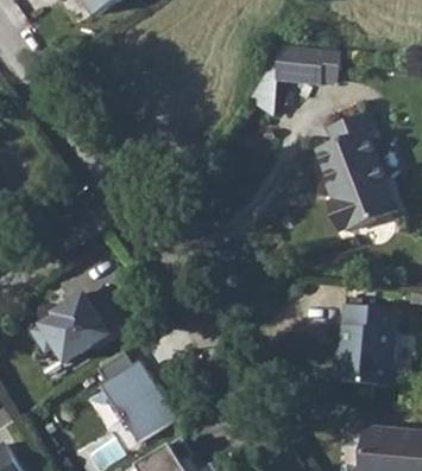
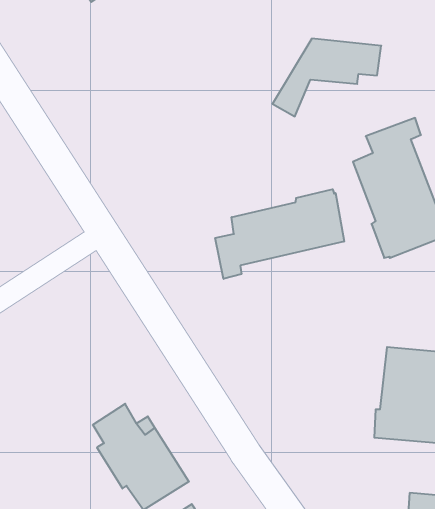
building: none -> [215,189,344,279]
building: [31,285,127,362] -> none

